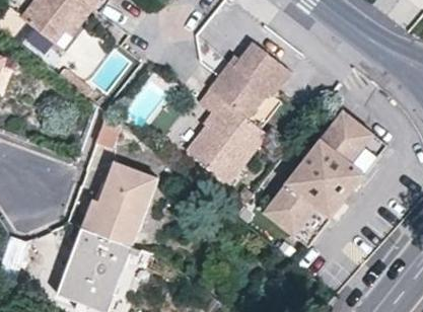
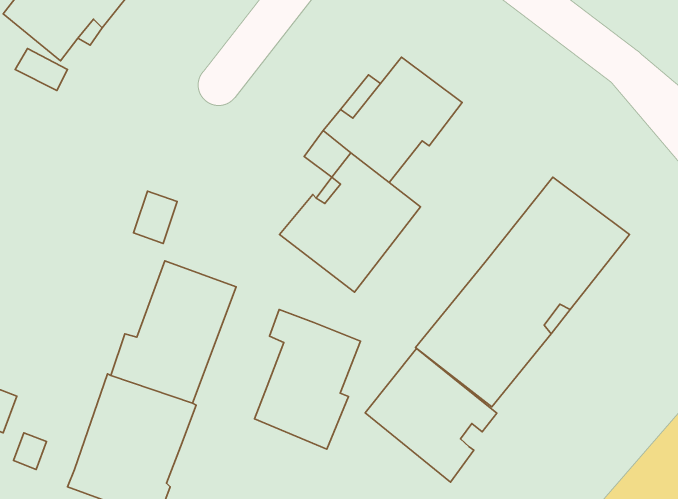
building: none -> [255,310,360,449]
building: none -> [365,349,497,482]

